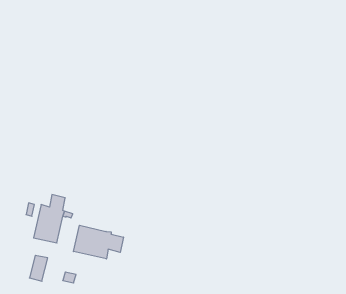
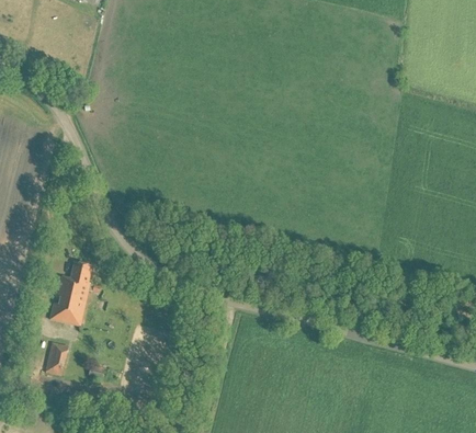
building: [73,225,123,259] -> none

